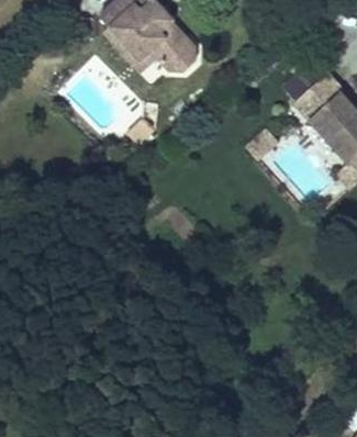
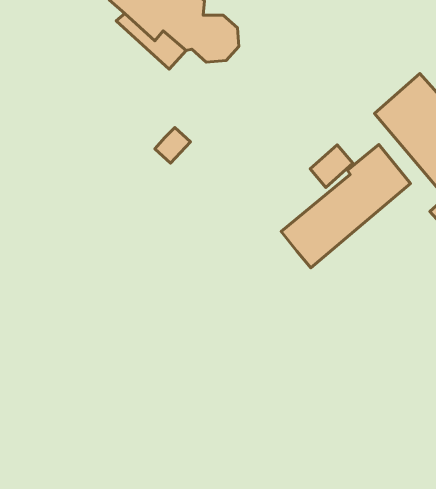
building: none -> [281,144,410,268]

